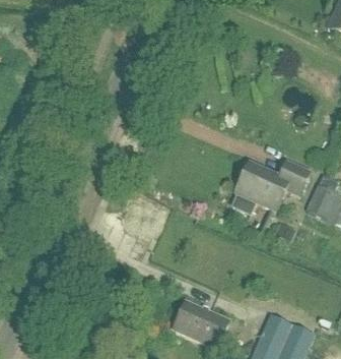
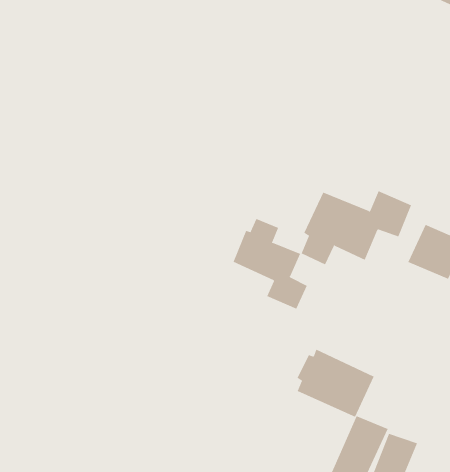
building: none -> [233,218,308,309]
building: [176,299,229,347] -> [297,349,374,417]

